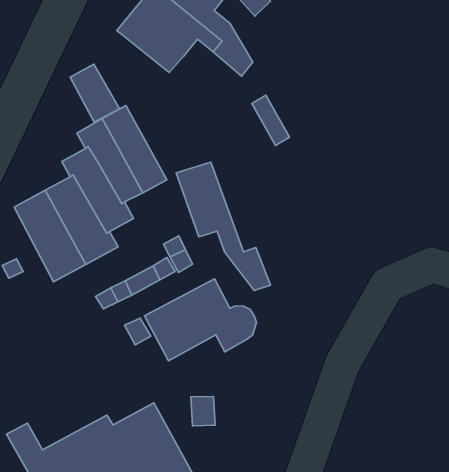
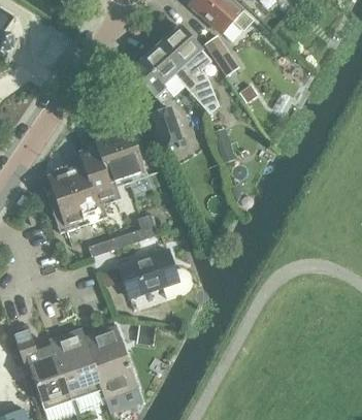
building: [70,64,119,122] -> [152,106,182,146]
building: [176,162,271,290] -> none

